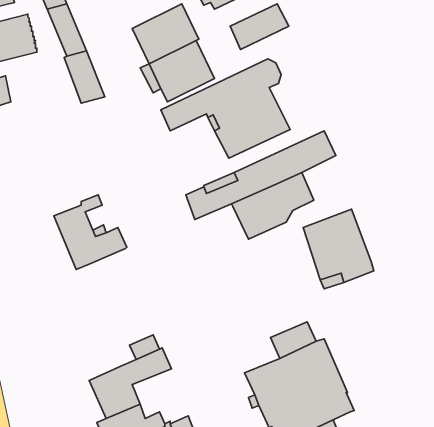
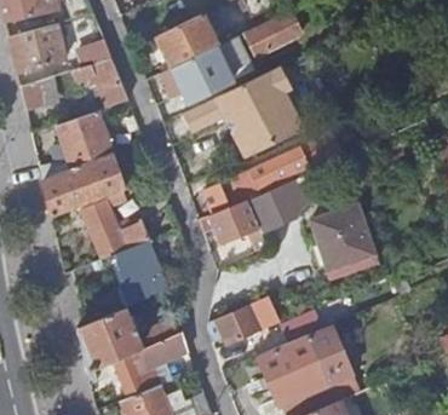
building: none -> [39,113,125,218]
building: none -> [208,202,268,253]
building: none -> [114,241,168,305]
building: none -> [208,296,281,344]
building: none -> [77,309,140,374]

